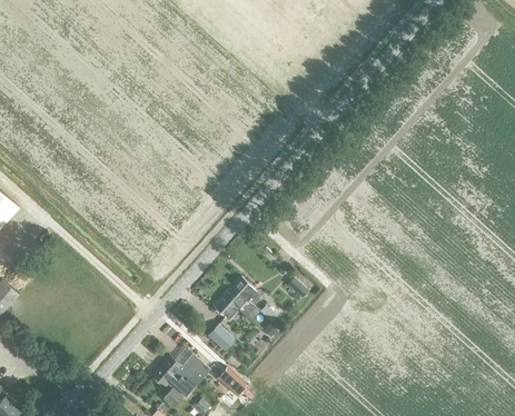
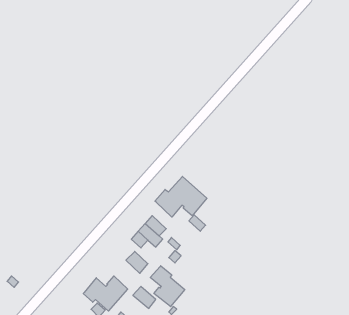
building: none -> [155,176,207,217]
building: none -> [150,266,185,307]

